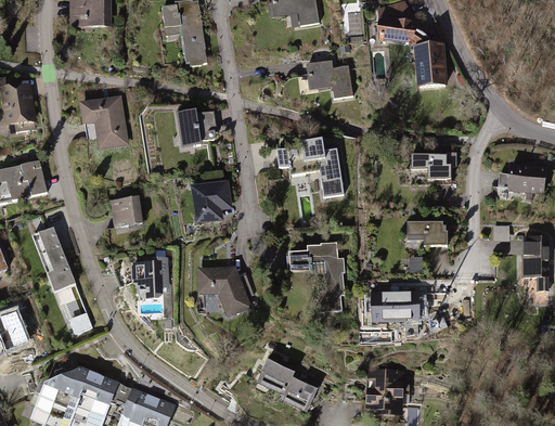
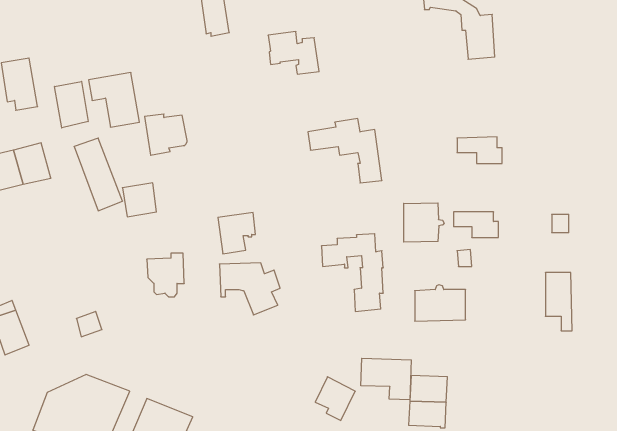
building: [307,60,352,98] -> [268,32,319,74]
building: none -> [55,81,88,128]
building: [177,111,215,147] -> [145,114,187,155]
building: [496,163,544,192] -> none
building: [194,183,228,220] -> [218,213,255,254]
building: none -> [404,203,444,242]
building: [31,228,75,293] -> [74,138,123,211]
building: [524,237,547,289] -> [545,273,572,331]
building: none -> [361,358,411,400]
building: [260,353,296,392] -> none

